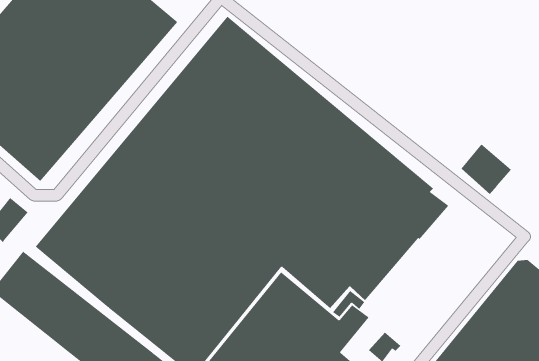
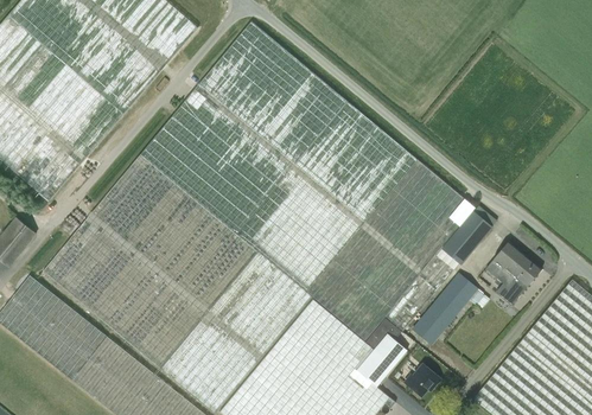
building: [460,143,512,195] -> [485,241,541,296]
building: none -> [412,272,478,344]

